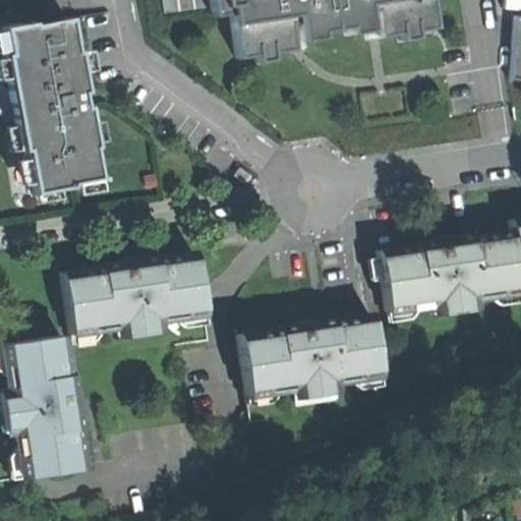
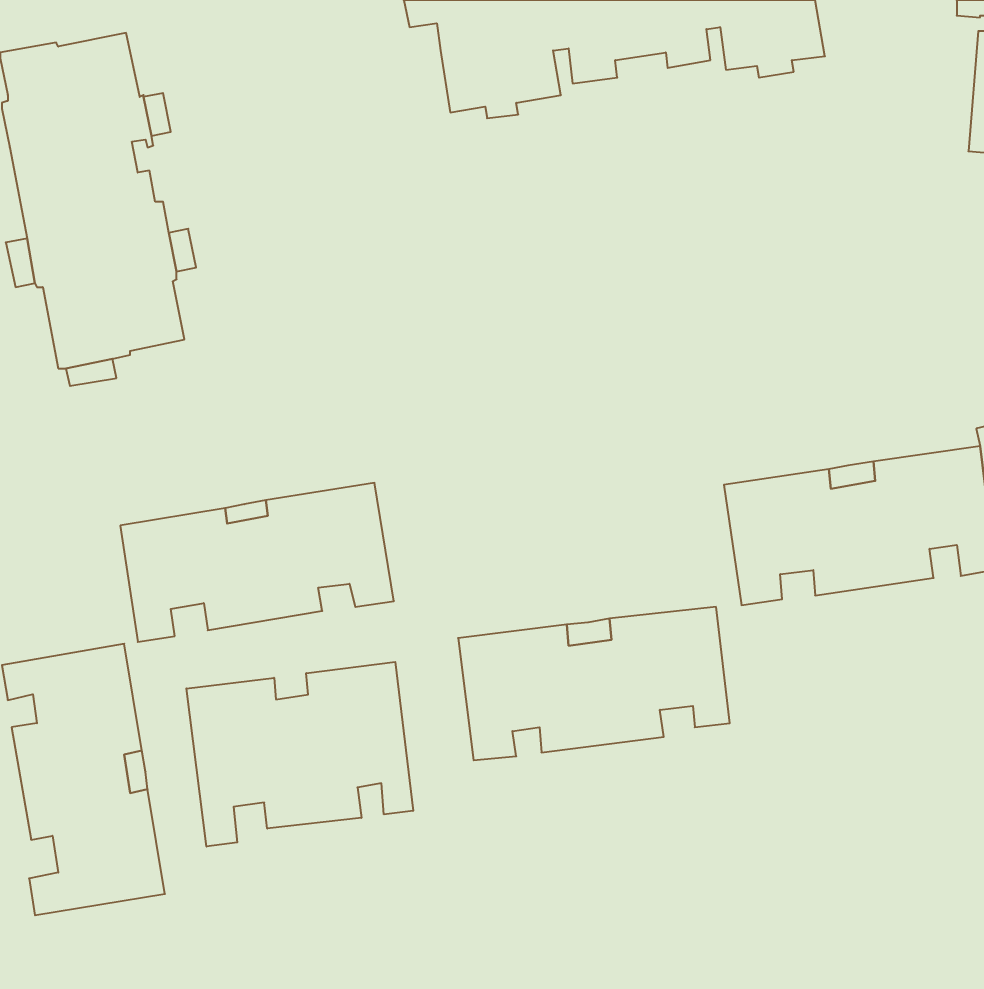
building: none -> [186,662,413,847]

